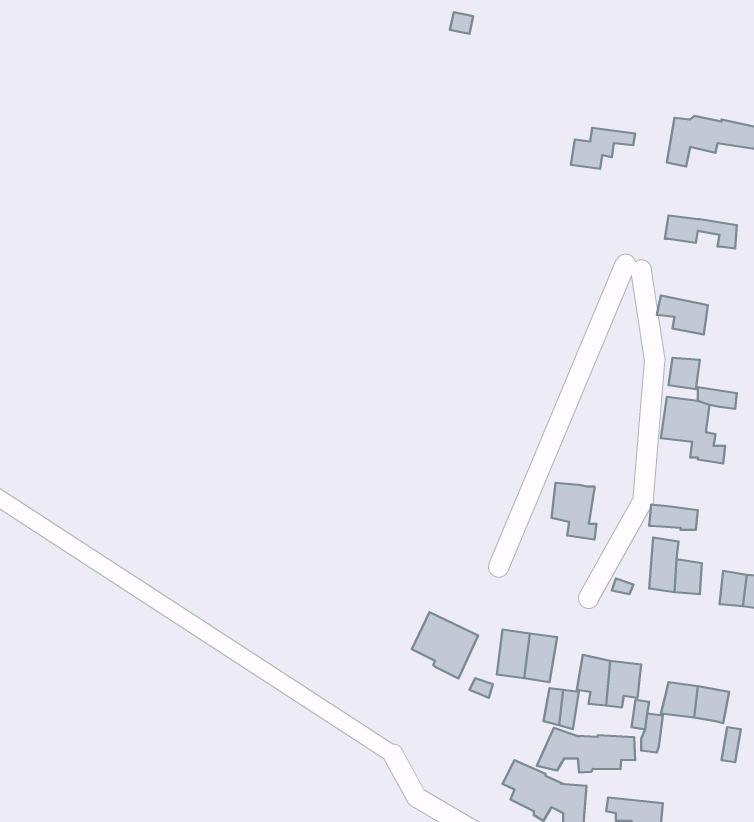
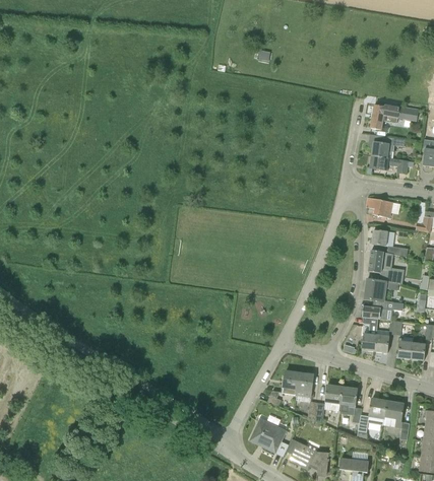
building: [571,128,635,169] -> [372,136,406,157]
building: [552,483,596,539] -> [365,279,388,308]
building: [412,612,478,679] -> [251,418,286,453]
building: [537,728,635,772] -> none

